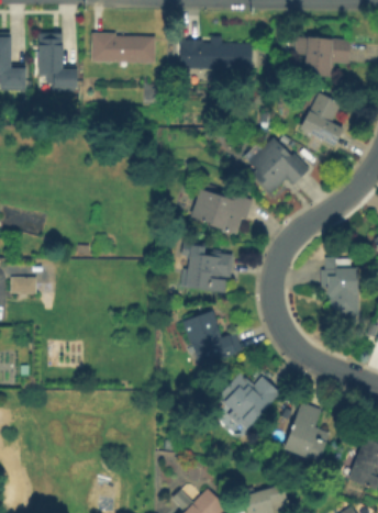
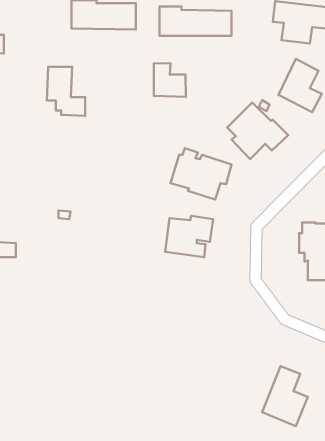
building: [36,38,75,88] -> [47,67,85,116]
building: none -> [154,63,186,97]
building: [182,311,243,366] -> none
building: [218,372,280,434] -> none

